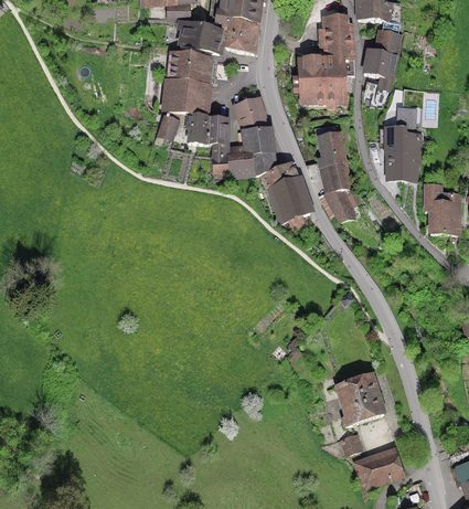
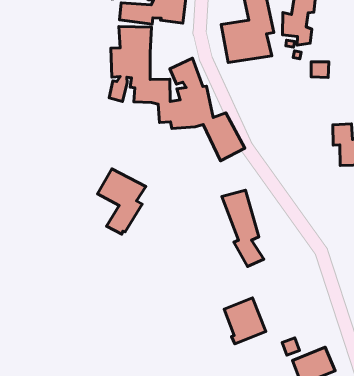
building: [375,129,422,177] -> none
building: [315,130,360,221] -> [222,190,264,267]
building: none -> [97,169,146,234]
building: [338,371,385,424] -> [224,298,266,344]

